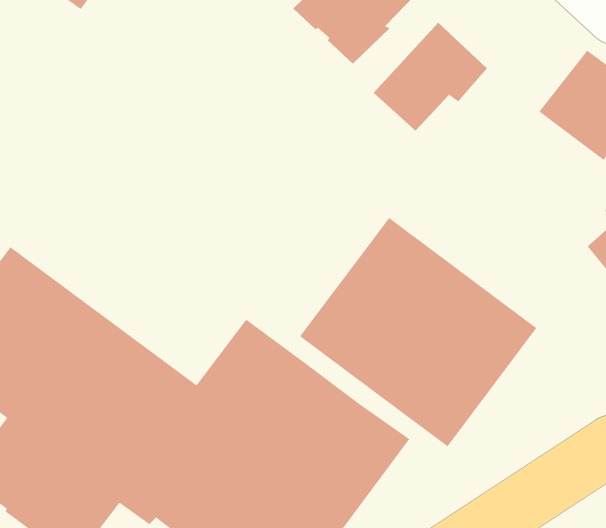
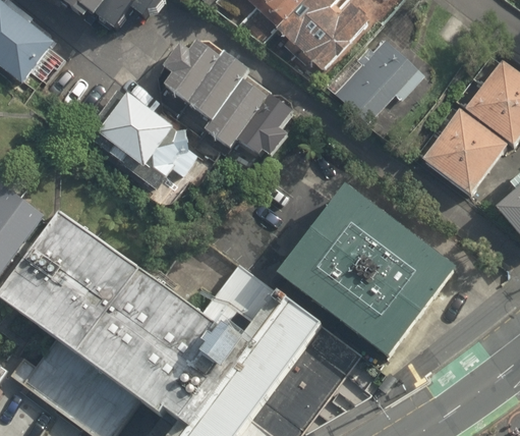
building: none -> [161,39,292,156]
building: none -> [84,86,195,186]
building: none -> [419,108,505,194]

